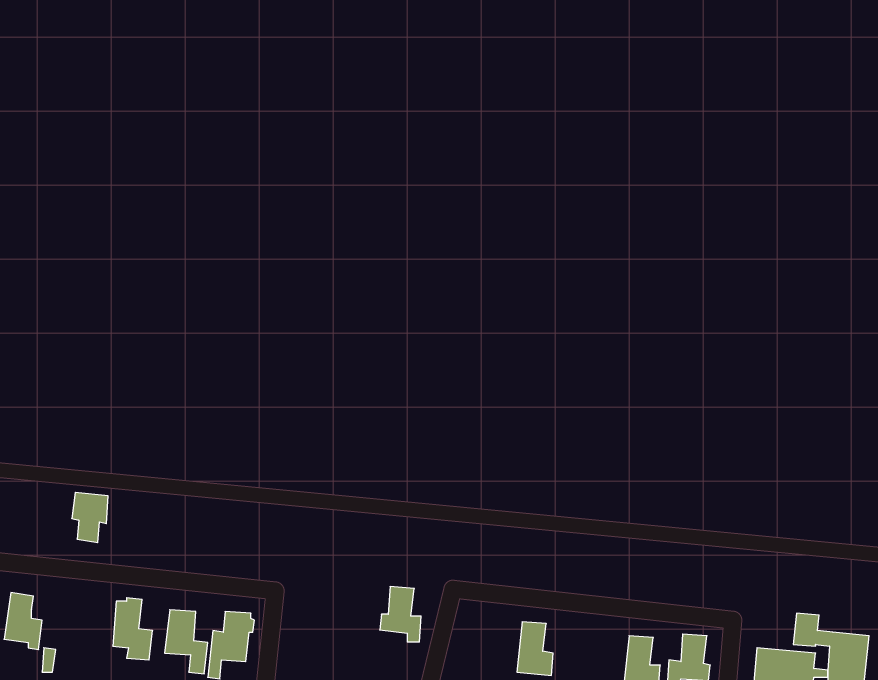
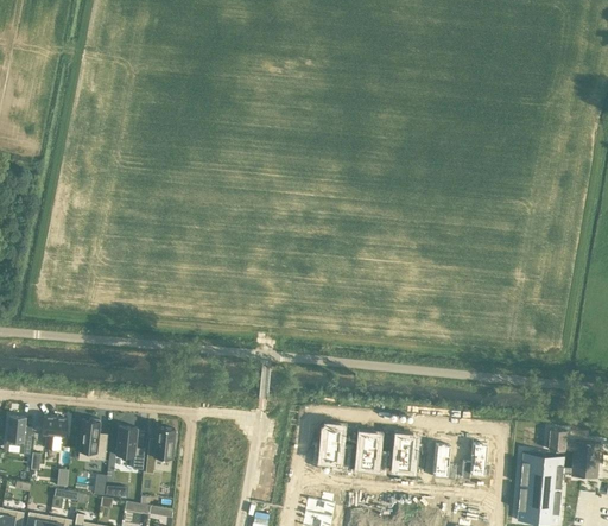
building: [72,492,108,543] -> [40,416,65,450]
building: [380,587,421,642] -> [316,429,344,467]
building: none -> [387,436,413,469]

